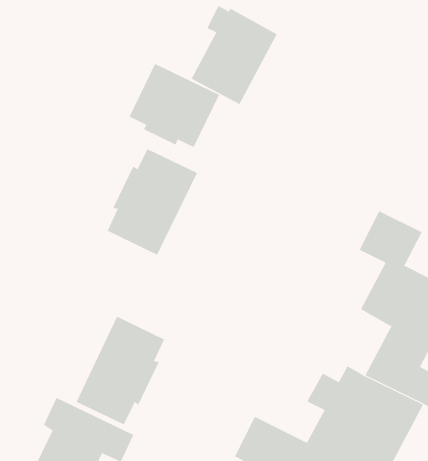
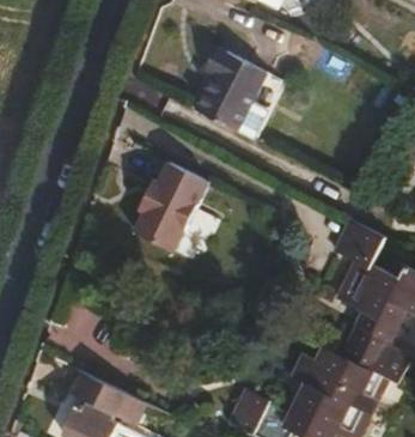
building: [129,63,220,148] -> none
building: [76,316,165,425] -> none

